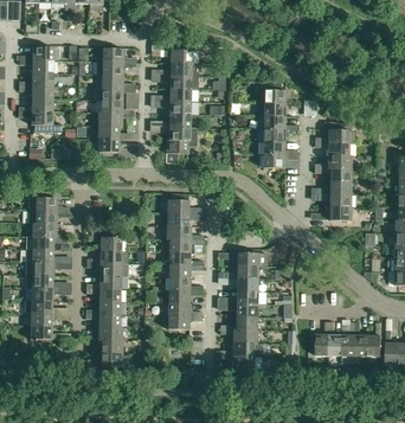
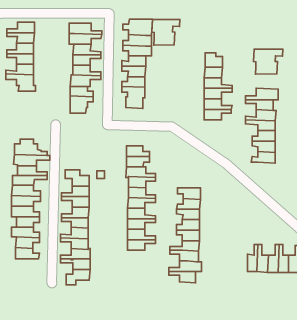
building: none -> [152,20,180,45]
building: none -> [254,49,283,74]

